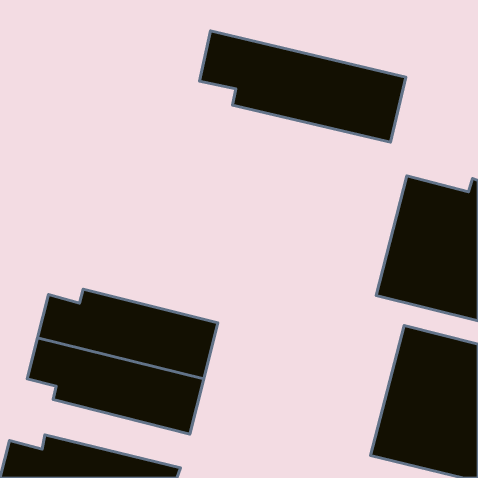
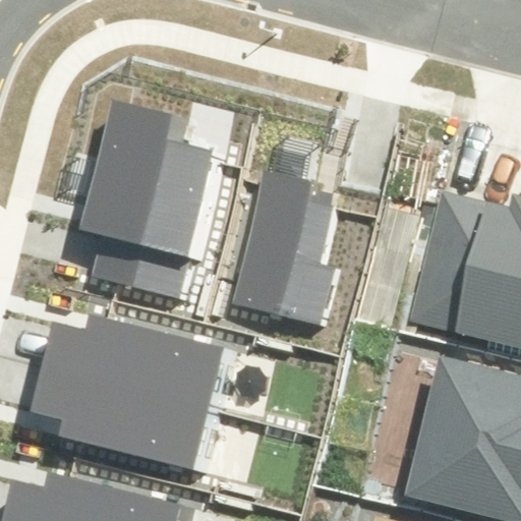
building: [199,31,406,142] -> none
building: none -> [80,97,221,299]
building: none -> [231,170,338,326]

